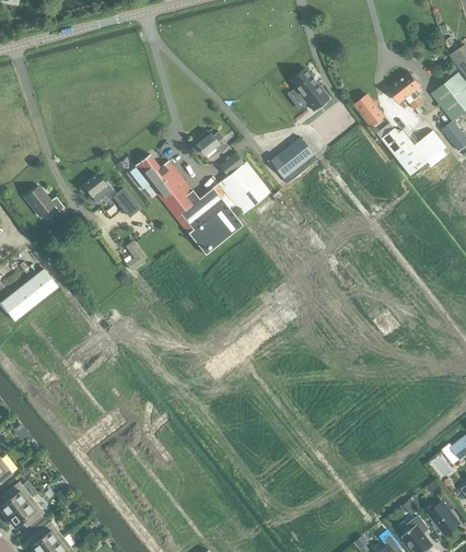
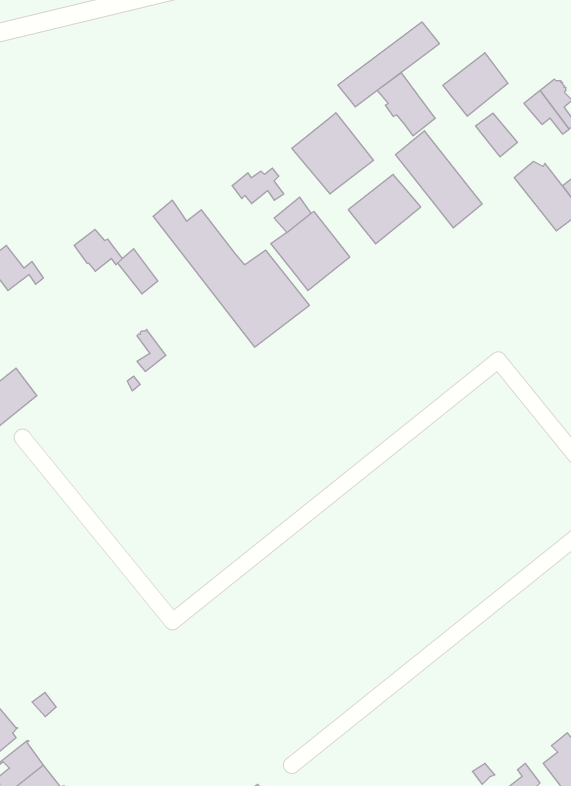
building: none -> [338,22,439,107]
building: none -> [443,53,508,116]
building: none -> [292,113,373,194]
building: none -> [396,131,482,228]

